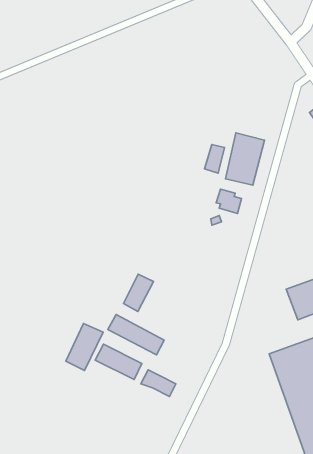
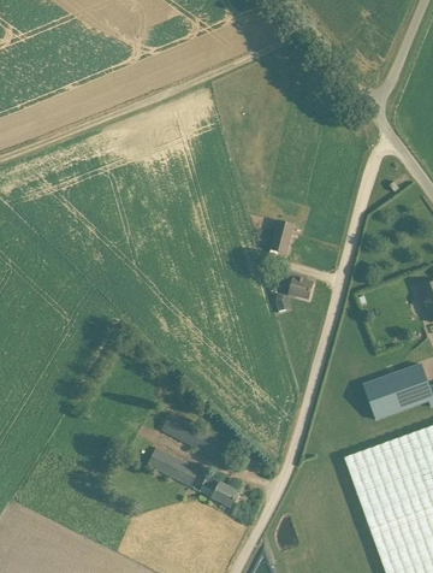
building: [226,133,264,185] -> none
building: [123,274,154,311] -> none
building: [66,323,103,371] -> none

